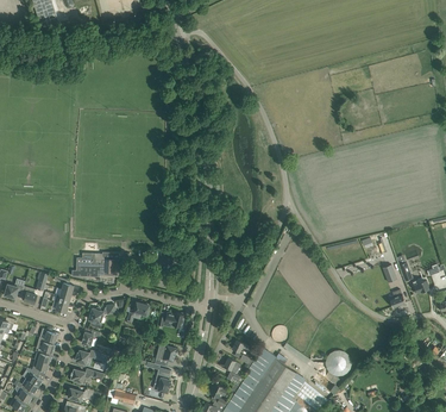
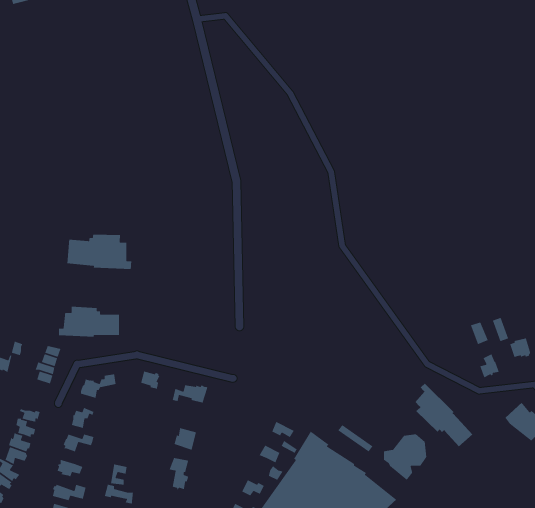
building: none -> [66,234,132,270]
building: none -> [414,383,473,447]

